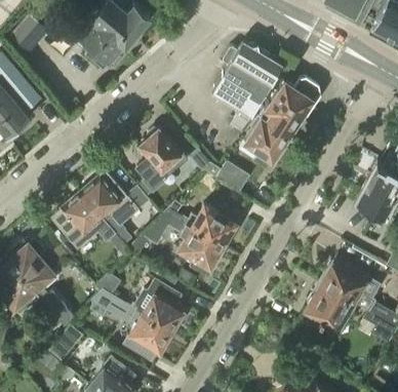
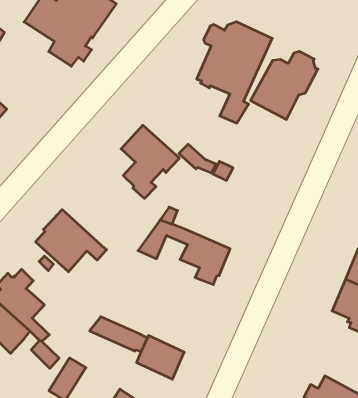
building: [244,119,287,168] -> none
building: [80,171,151,245] -> none
building: [187,205,240,245] -> none
building: [134,278,186,331] -> none

